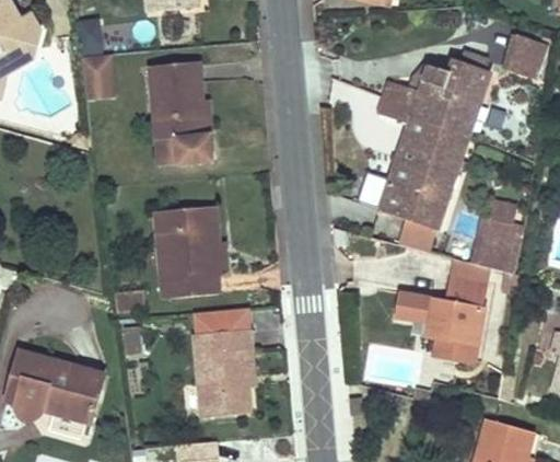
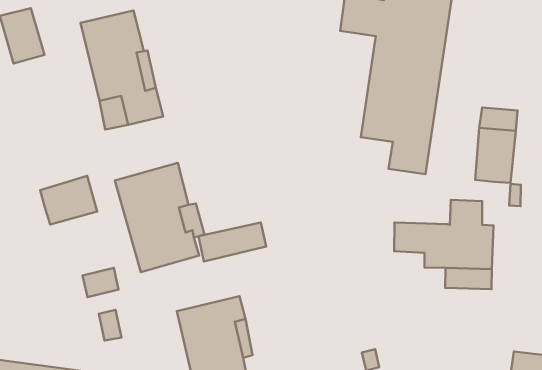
building: none -> [40,176,97,225]
building: [443,258,490,305] -> none
building: [192,310,250,336] -> [198,222,266,262]

